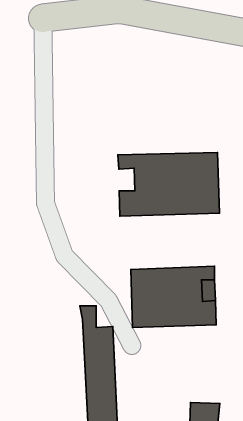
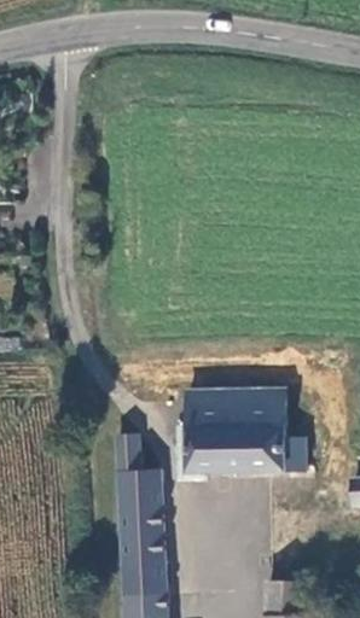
building: [118,153,220,216] -> none

